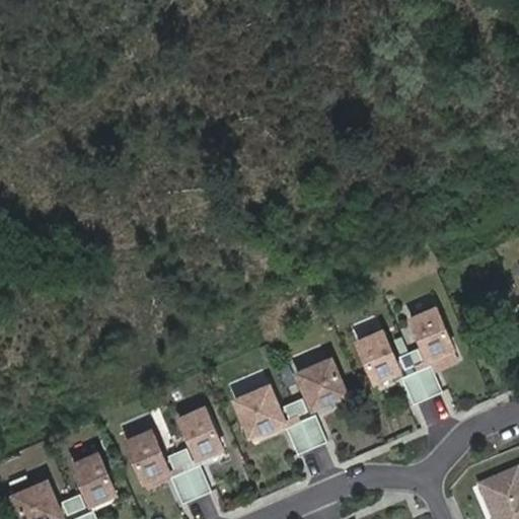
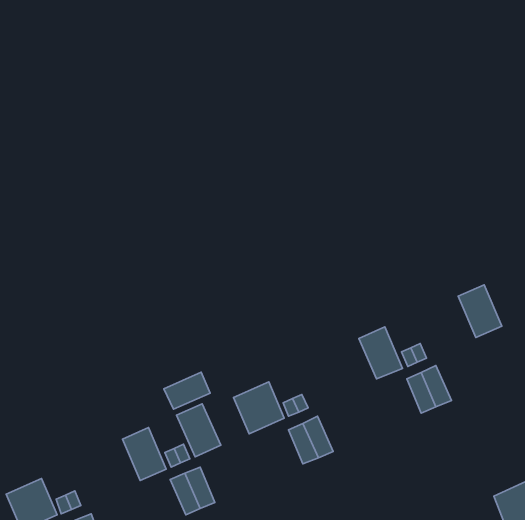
building: [410,306,452,358] -> [458,285,502,338]
building: [295,357,345,406] -> none
building: none -> [164,372,210,409]
building: [71,450,114,502] -> none

